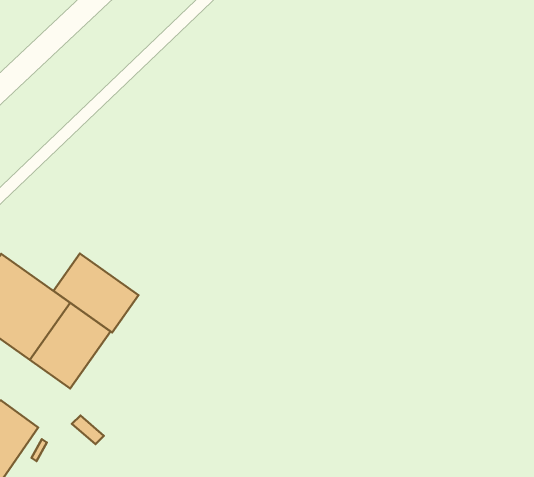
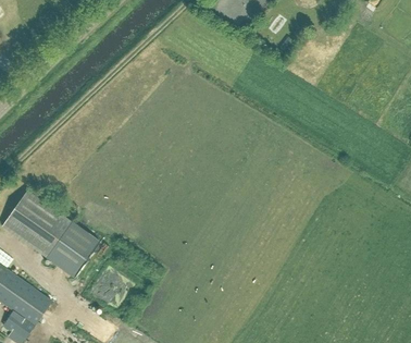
building: [54,254,139,332] -> none
building: none -> [90,266,127,301]

